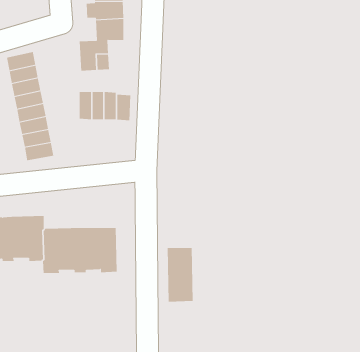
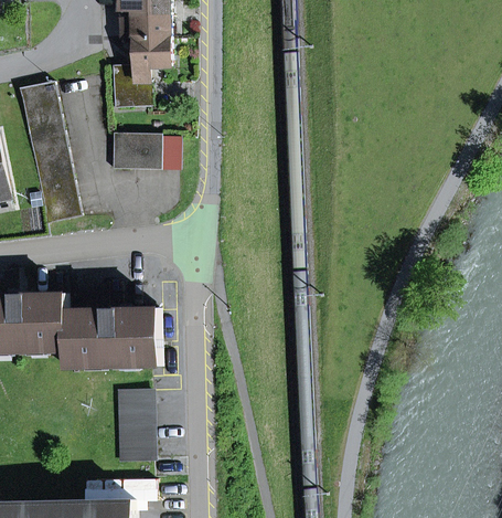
building: [167,247,193,302] -> [118,390,152,461]

